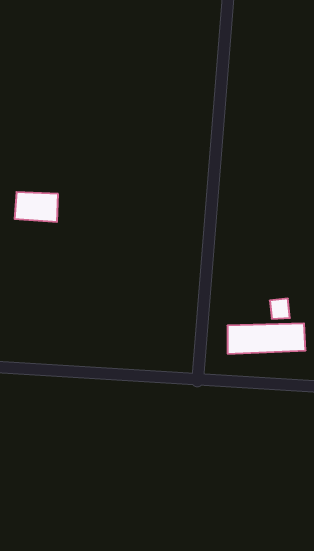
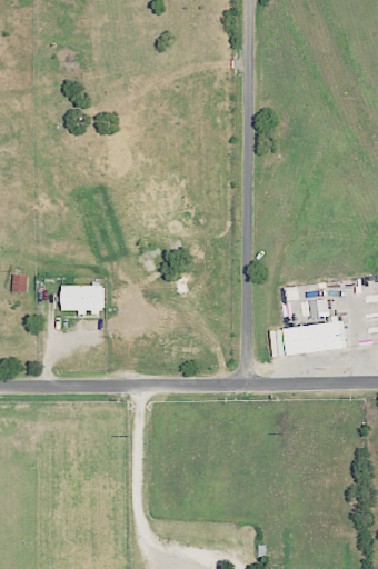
building: [15,192,58,222] -> [59,284,101,312]

